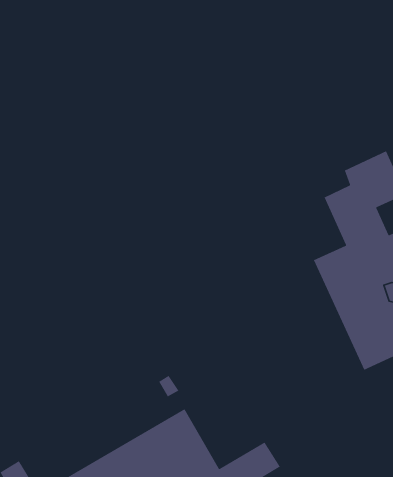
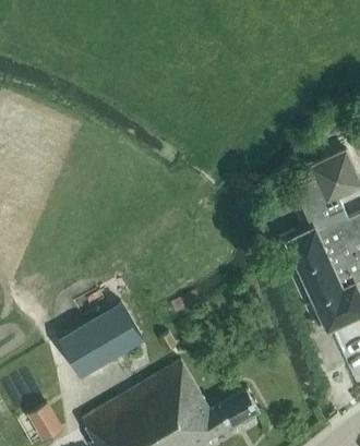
building: none -> [59,302,142,378]

